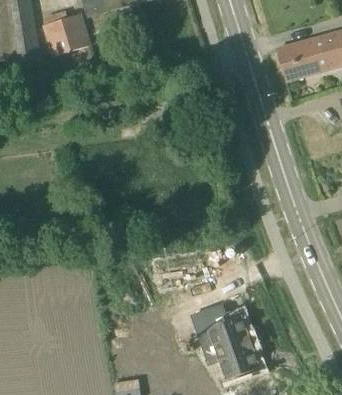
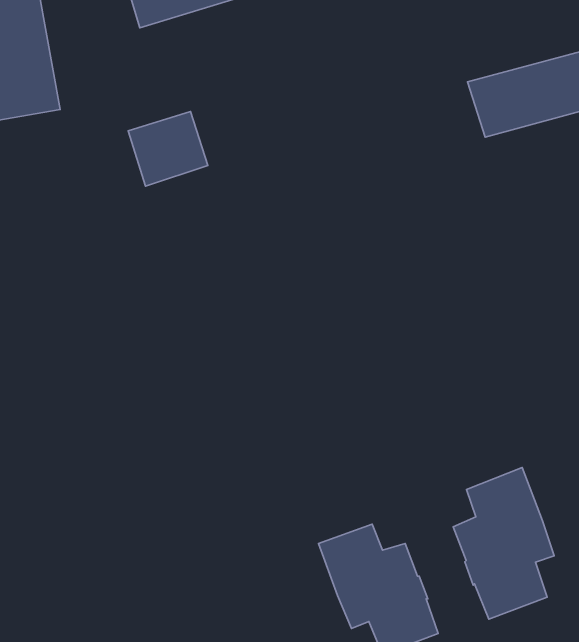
building: [44,13,90,56] -> [128,112,208,186]
building: none -> [453,468,554,619]

